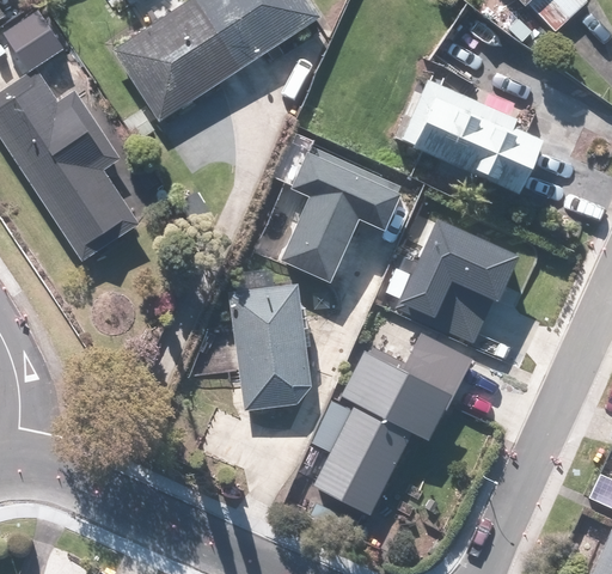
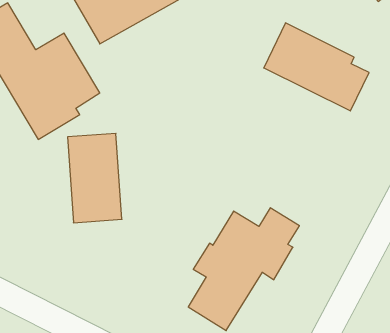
building: [279,147,400,282] -> none
building: [397,213,526,343] -> none
building: [228,279,313,409] -> [68,133,122,223]

